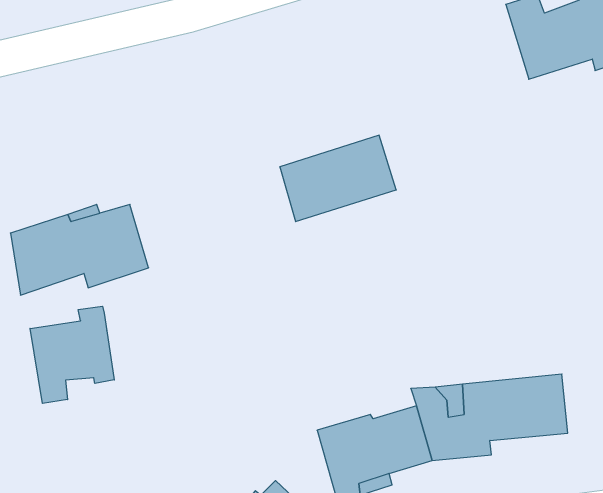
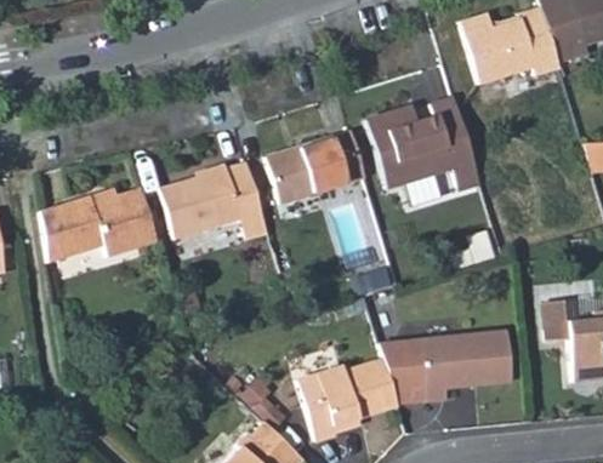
building: none -> [369,97,482,189]
building: none -> [163,161,268,238]
building: [30,306,114,403] -> none

